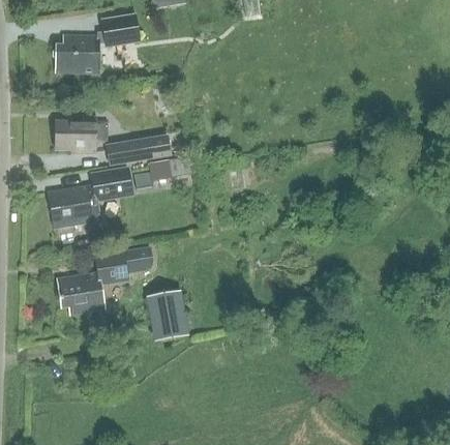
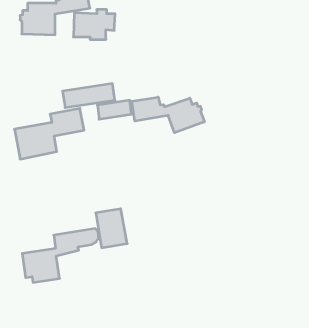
building: [55,116,107,153] -> [73,10,115,39]
building: none -> [132,97,204,133]
building: [56,247,151,315] -> [22,229,99,282]

